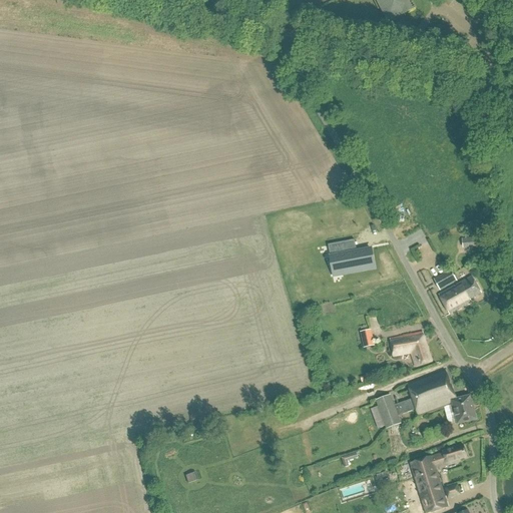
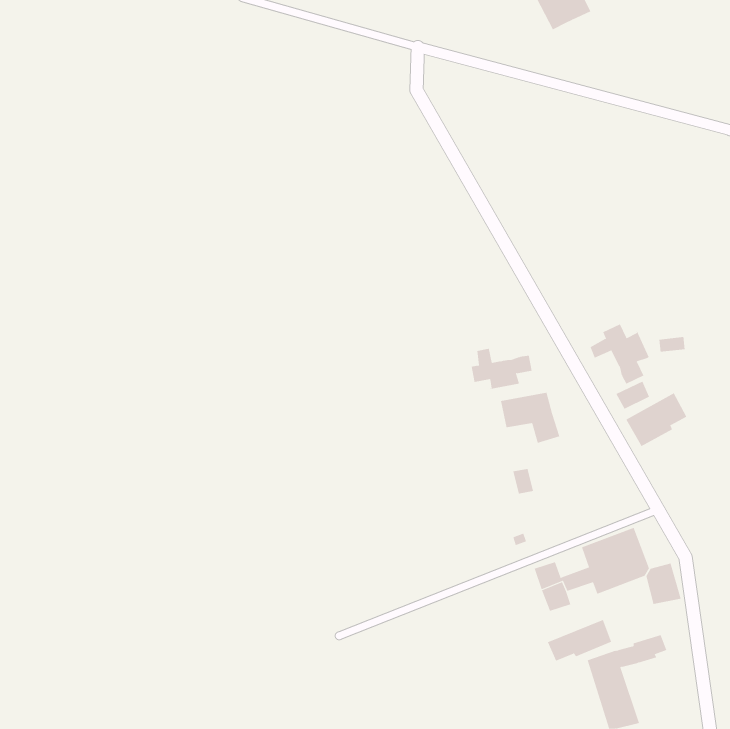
building: none -> [590,323,649,384]
building: [389,330,431,366] -> [500,392,560,444]
building: none -> [547,619,612,661]

